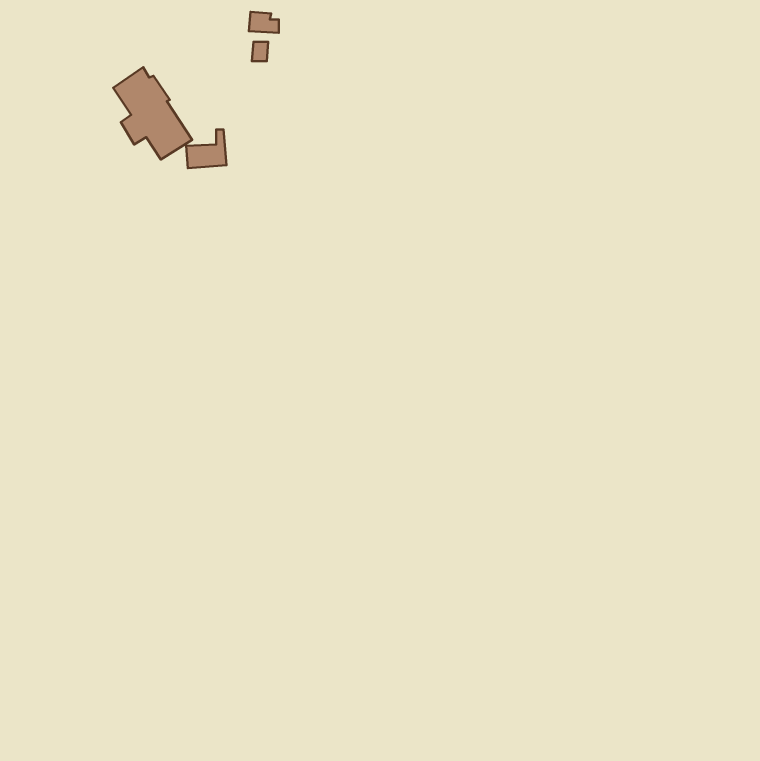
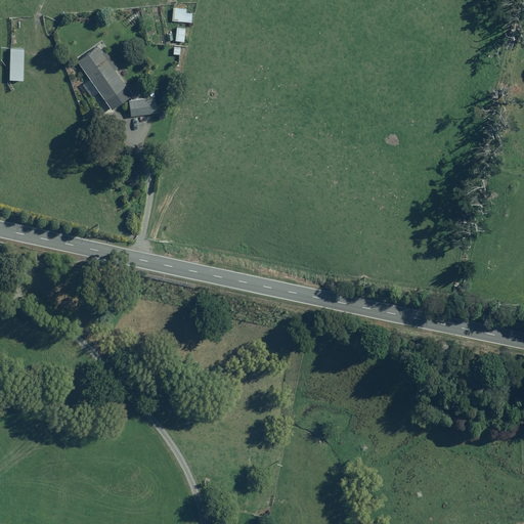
building: none -> [8,48,24,80]

